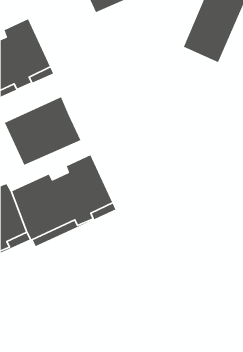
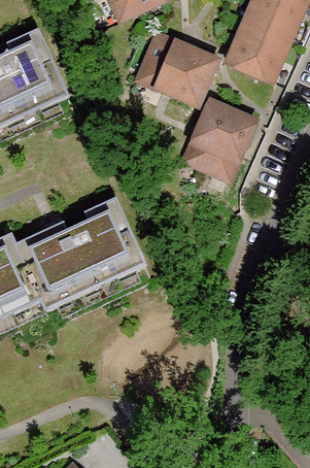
building: none -> [139,35,216,105]
building: none -> [184,102,255,180]
building: [4,96,82,166] -> none

